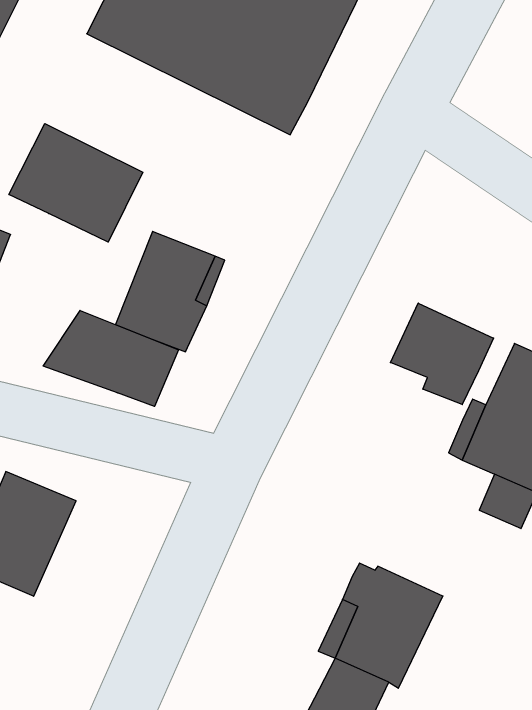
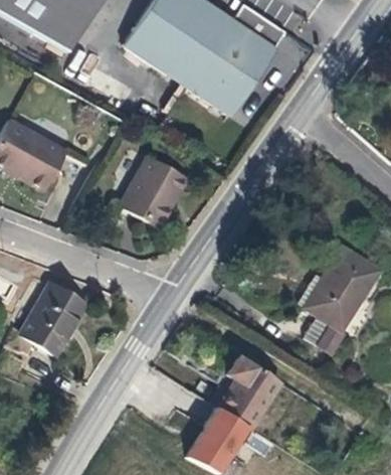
building: [9,124,143,242] -> none
building: [390,303,494,405] -> none
building: [43,310,179,406] -> none

